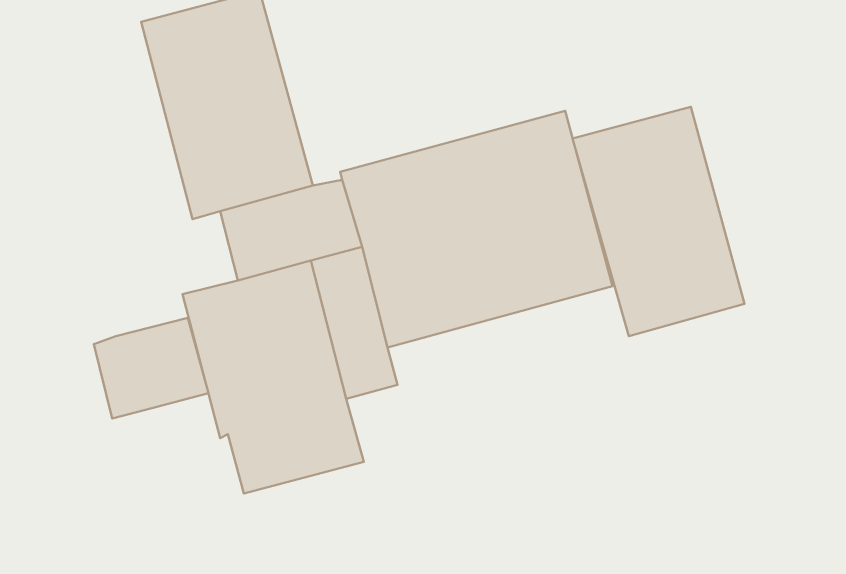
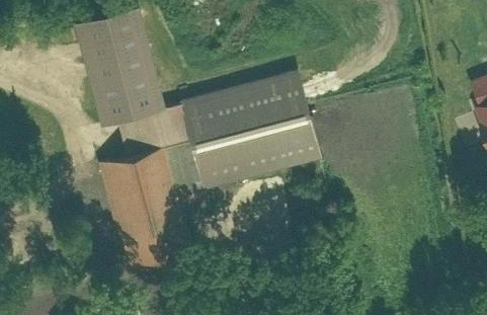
building: [573,107,745,336] -> none
building: [94,318,208,418] -> none

